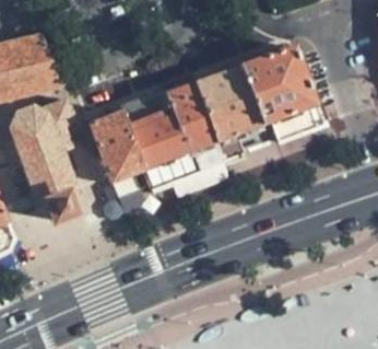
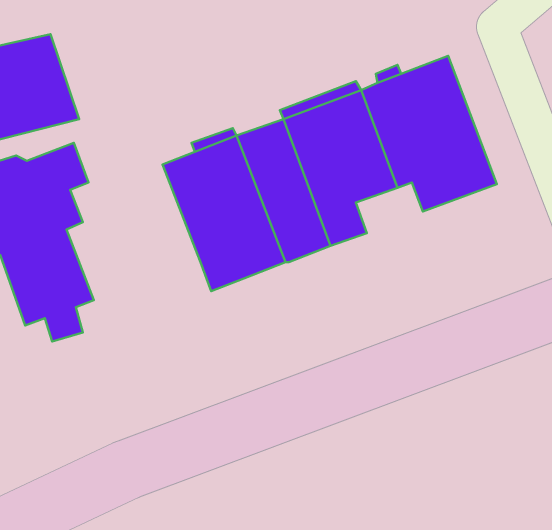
building: [88,110,143,182] -> none

